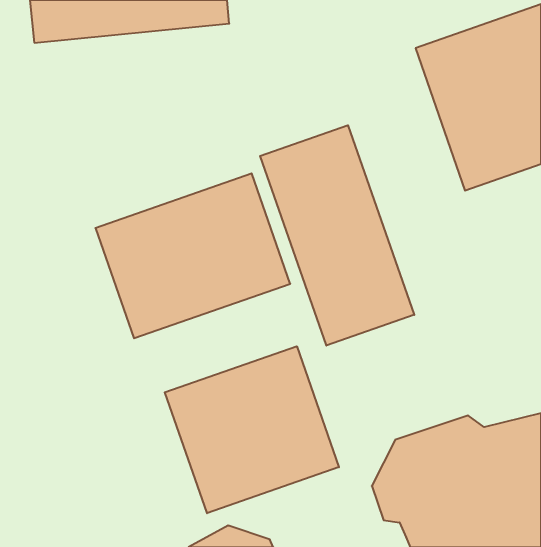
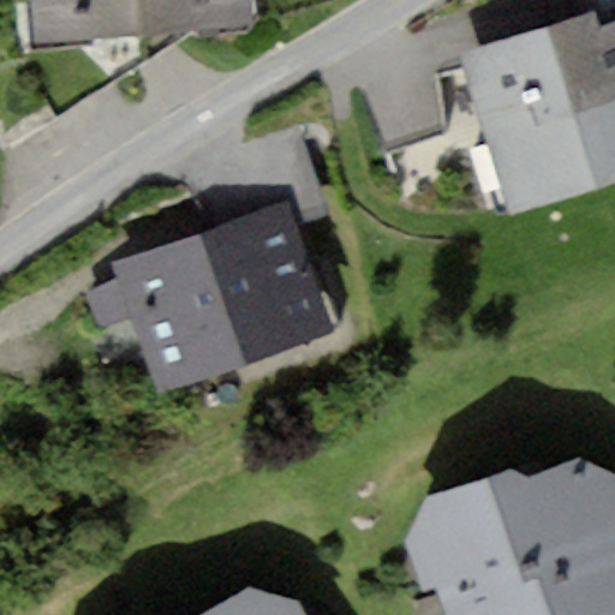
building: [260,125,414,346] -> none
building: [165,346,339,513] -> none

